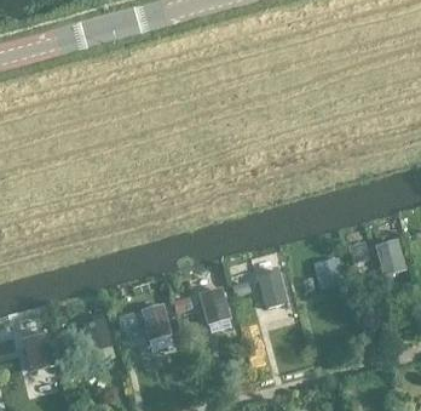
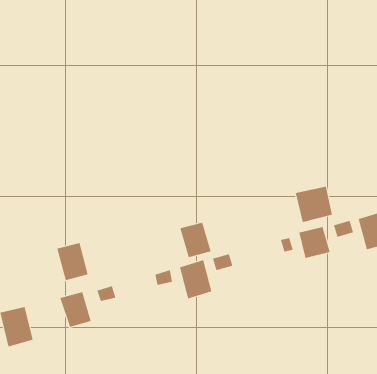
building: none -> [295,186,333,223]
building: [255,273,287,308] -> [180,222,212,258]
building: [139,303,171,341] -> [57,242,89,281]

